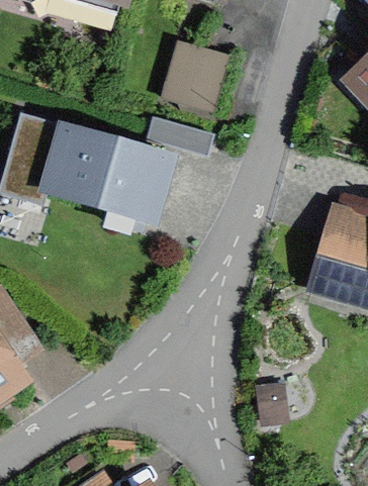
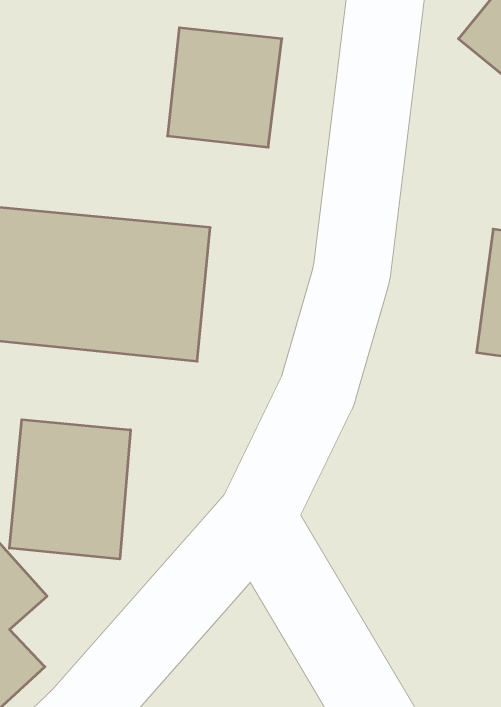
building: none -> [9,420,130,559]

